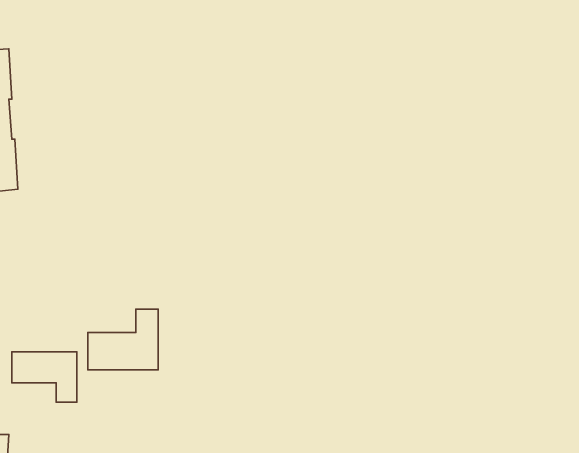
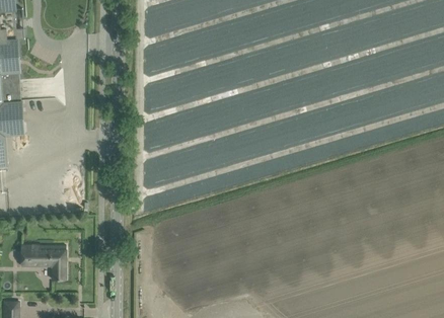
building: [88,309,158,370] -> none

